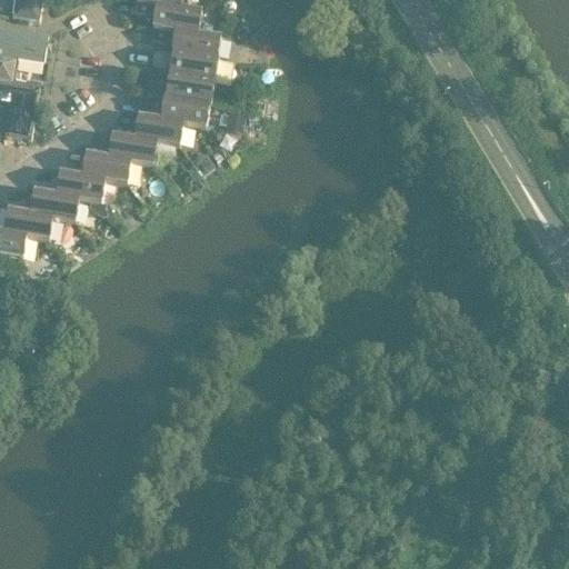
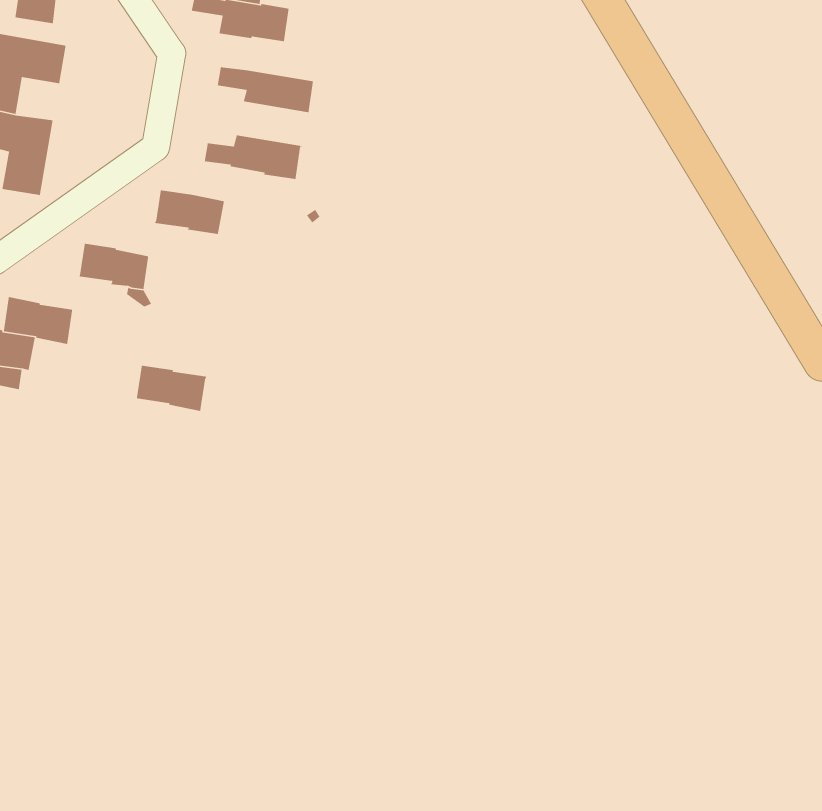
building: [149,23,218,56] -> none
building: [143,70,212,100] -> none
building: [110,110,181,142] -> none
building: [80,148,129,180] -> none
building: [28,186,77,218] -> [136,365,207,412]

